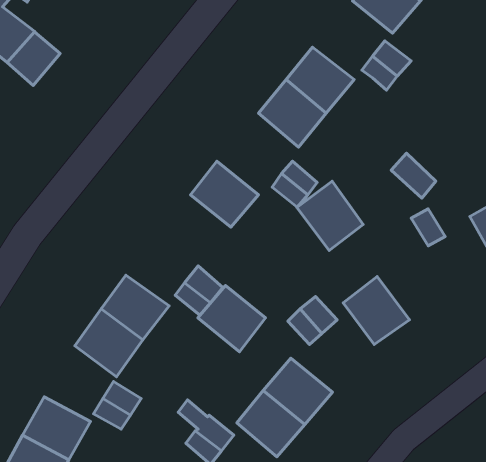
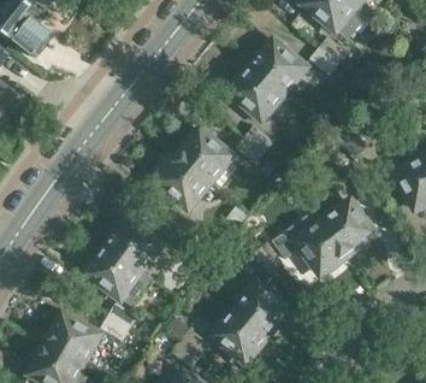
building: [7,32,60,85] -> none
building: [297,181,363,251] -> [323,199,374,253]
building: [198,285,266,352] -> [155,155,208,207]

